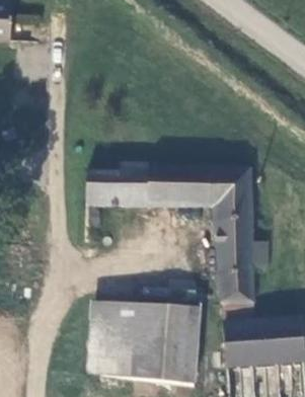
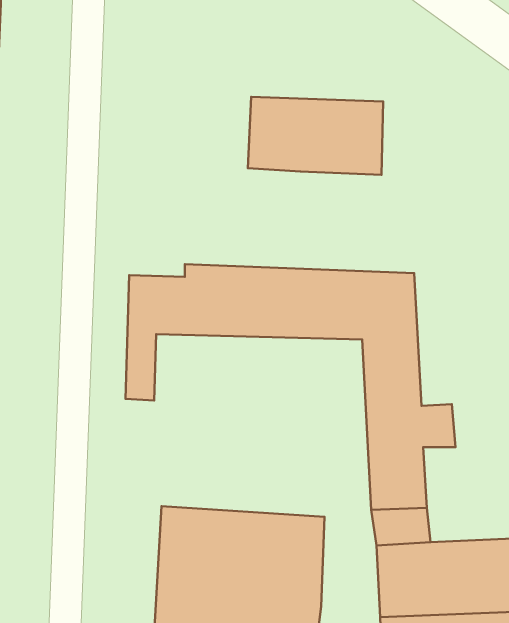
building: none -> [248,97,383,175]

